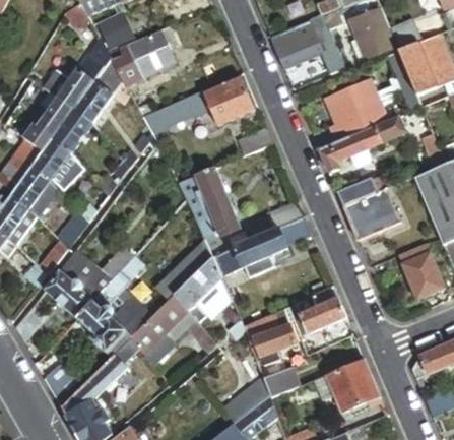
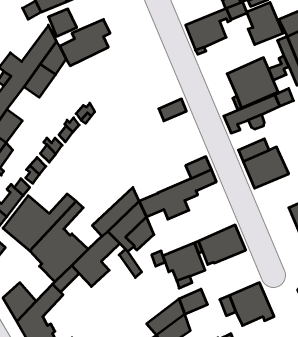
building: [144,77,255,126] -> none
building: [49,113,89,155] -> none
building: [179,168,241,238] -> none

